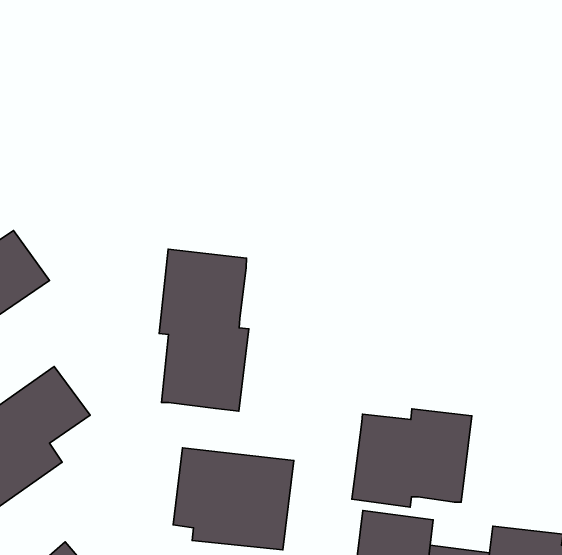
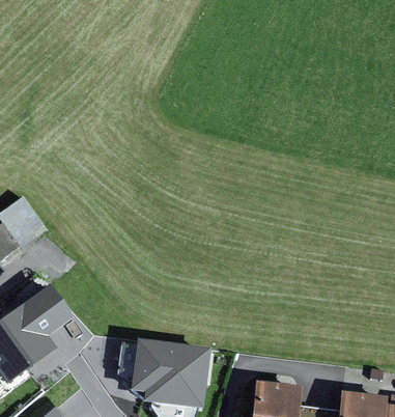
building: [159,249,249,411] -> none
building: [352,409,472,507] -> none

